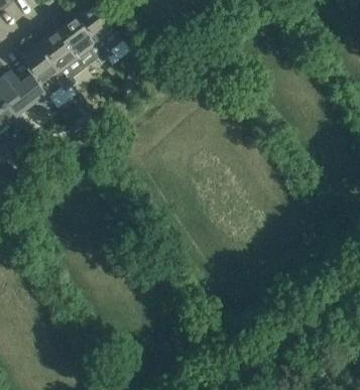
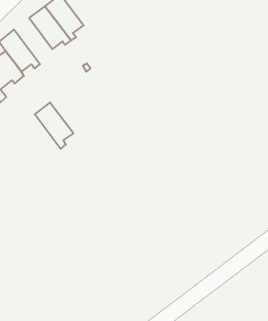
building: [35,26,82,82] -> [35,102,73,149]

